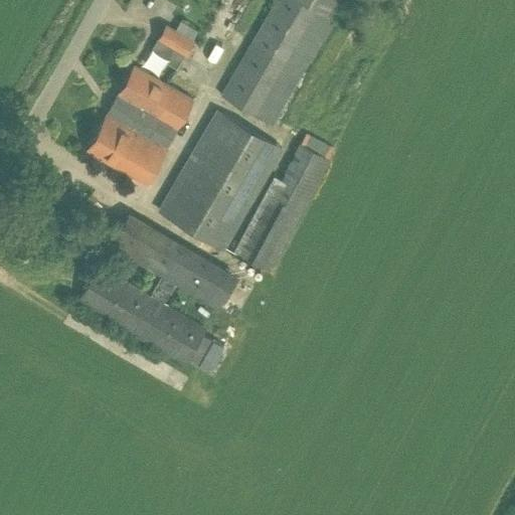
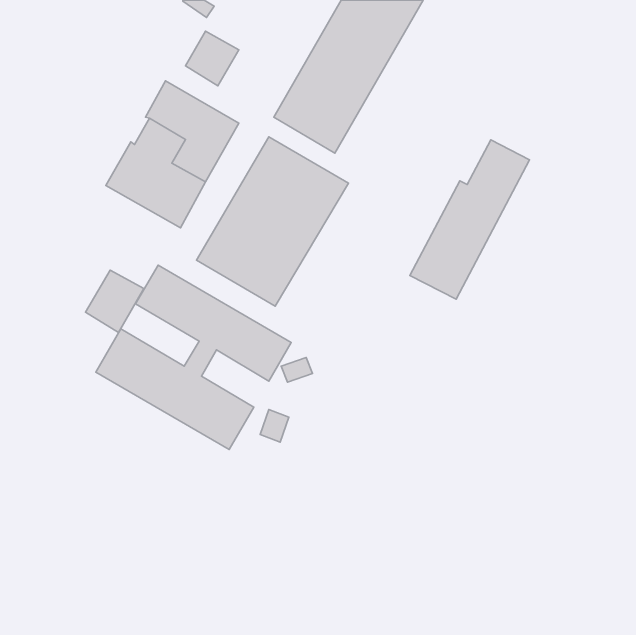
building: [233,144,330,273] -> [410,140,529,299]
building: none -> [86,270,144,332]

